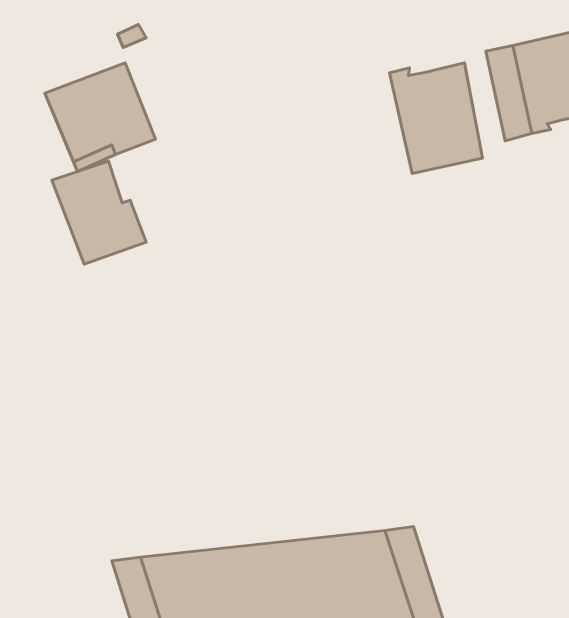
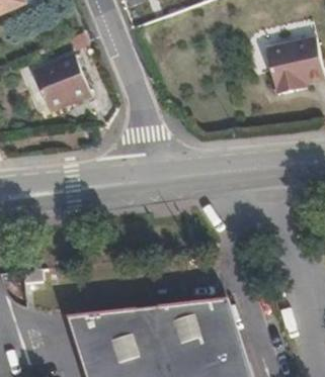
building: [389,63,483,173] -> none
building: [52,161,146,264] -> none

